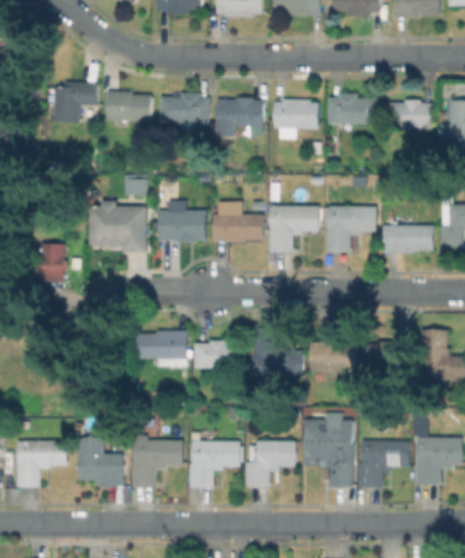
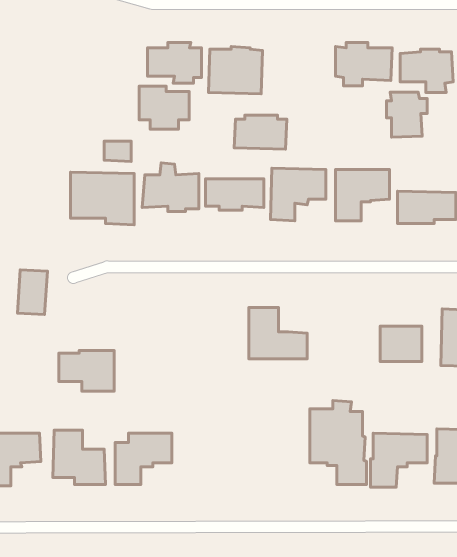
building: [53,80,97,121] -> none
building: [107,90,151,128] -> [139,86,189,129]
building: [272,98,319,128] -> [234,115,287,149]
building: none -> [386,92,427,137]
building: [41,242,67,282] -> [18,270,47,314]
building: [138,330,187,366] -> [59,351,114,391]
building: [193,341,246,368] -> none
building: [312,341,355,371] -> none
building: [188,439,240,486] -> none
building: [244,439,294,485] -> none

